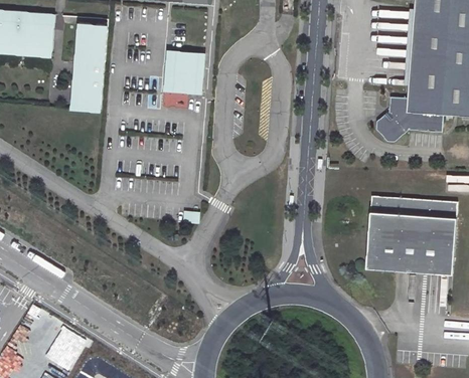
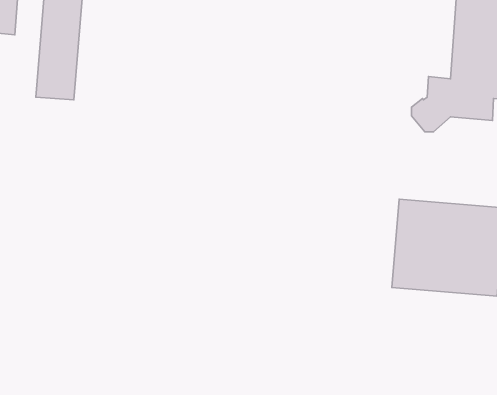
building: [163,52,204,96] -> none

